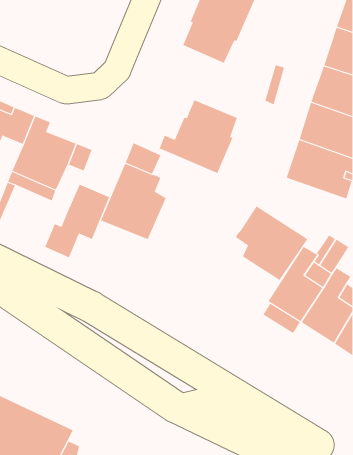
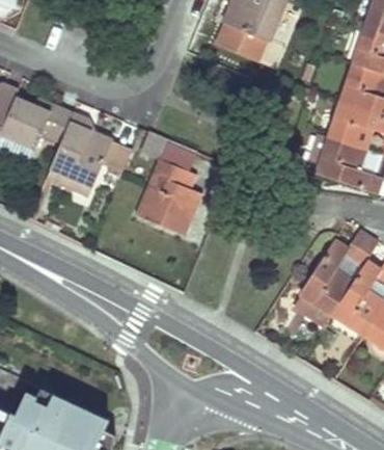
building: [159,99,238,174] -> none
building: [44,184,110,258] -> none
building: [235,205,308,281] -> none

